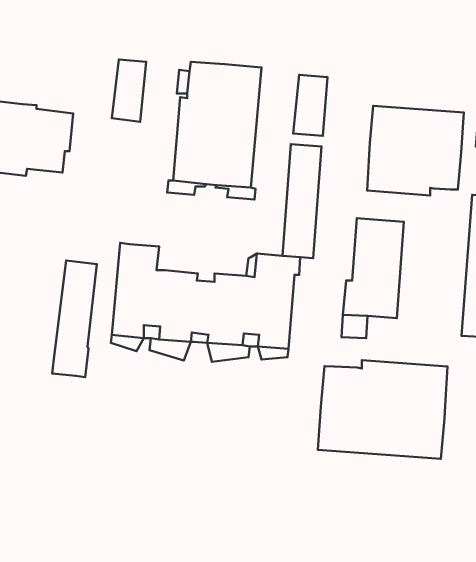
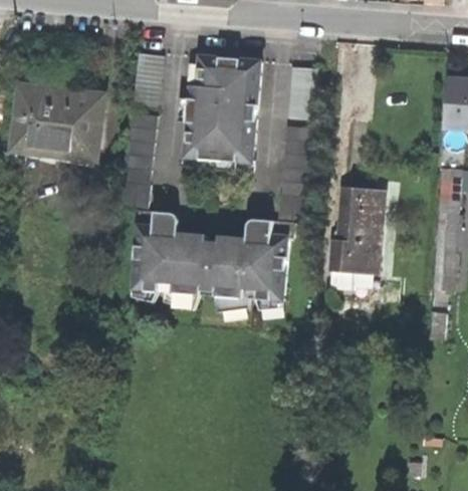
building: [367,106,464,196] -> none
building: [52,261,97,377] -> [121,109,159,209]
building: [318,360,447,459] -> none

